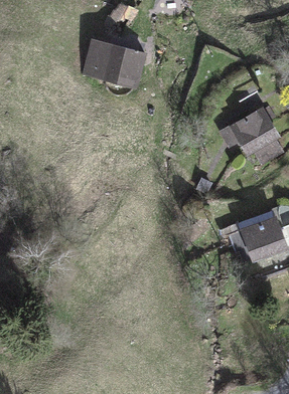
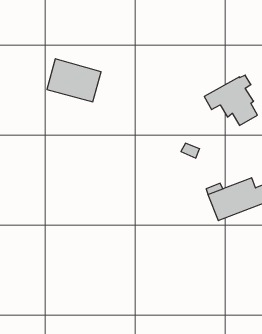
building: [85,38,143,84] -> [47,59,101,102]

